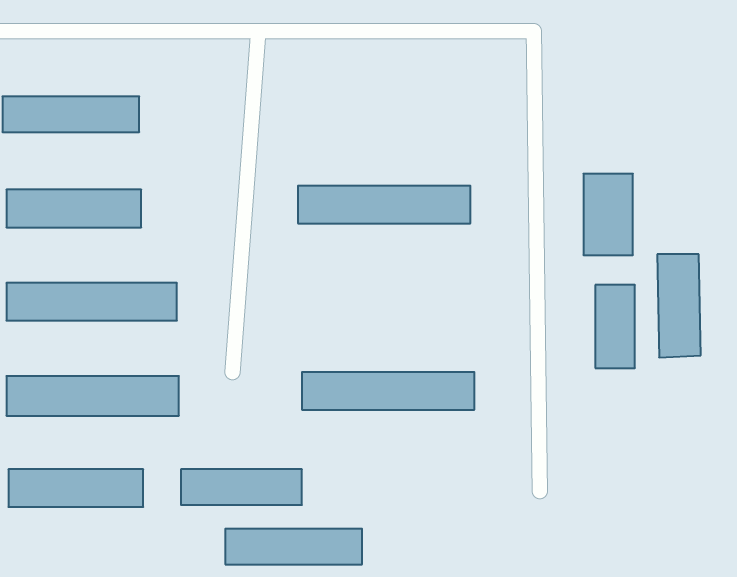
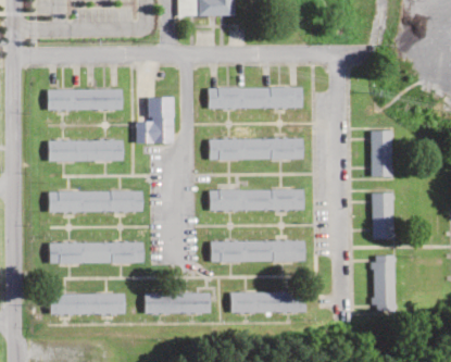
building: none -> [209,87,303,109]
building: none -> [136,98,173,142]
building: [657,254,701,357] -> [372,255,396,312]
building: none -> [209,189,303,211]
building: [225,529,362,564] -> [231,292,306,312]

